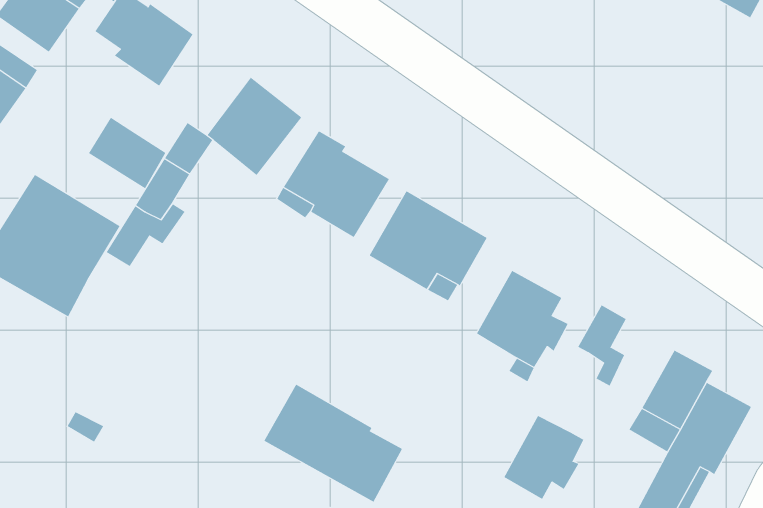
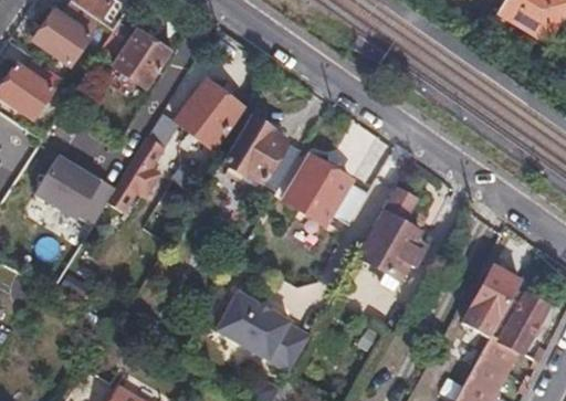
building: [88,117,166,189] -> none
building: [577,304,627,387] -> none
building: [503,415,584,500] -> none

